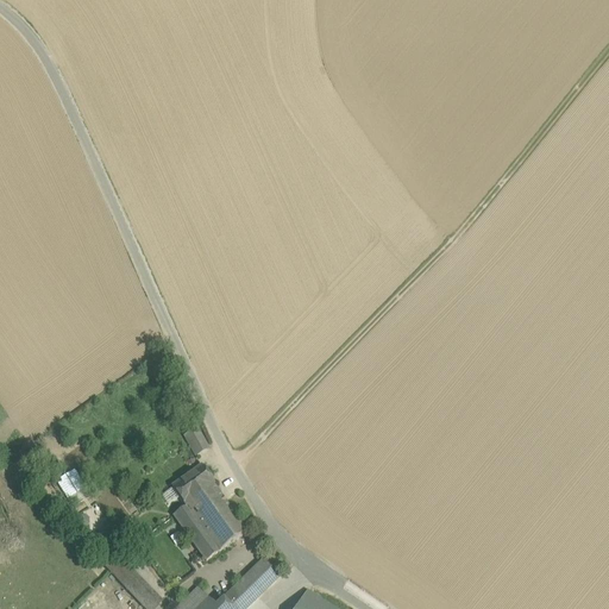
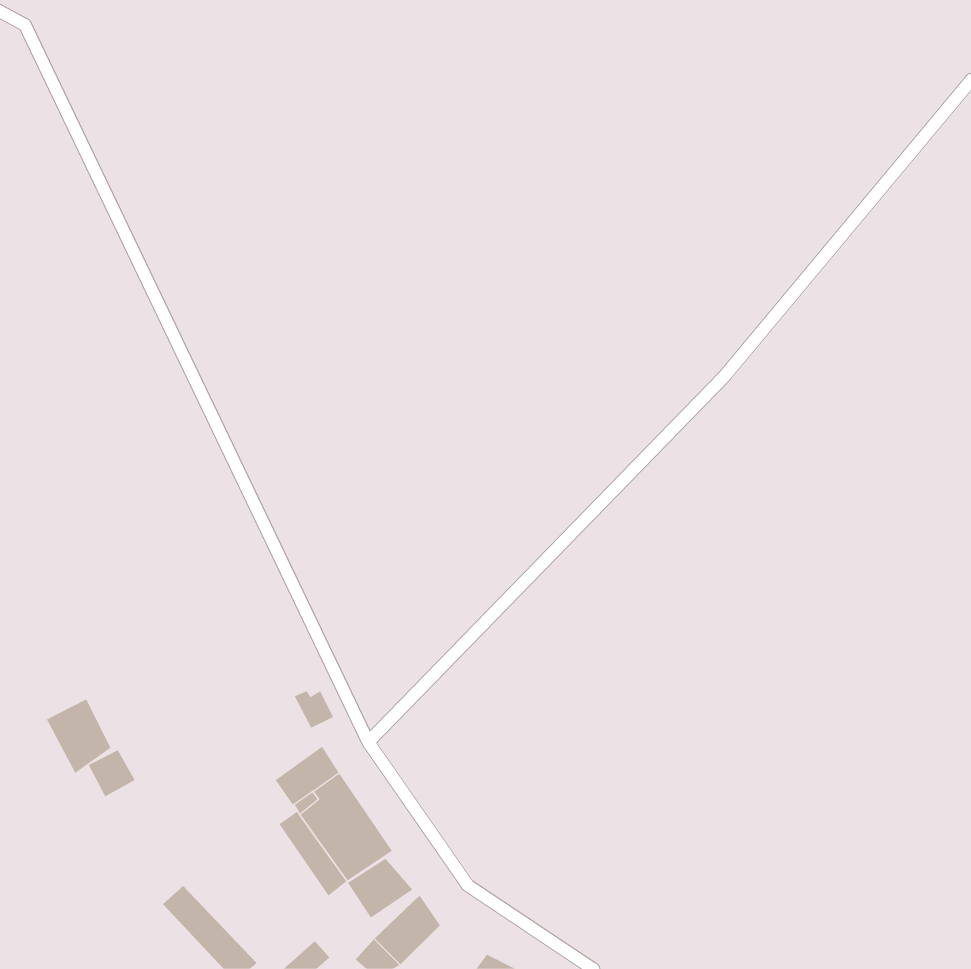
building: none -> [46,699,111,774]
building: none -> [347,858,413,919]

